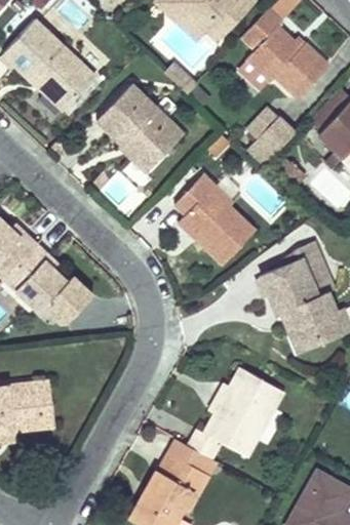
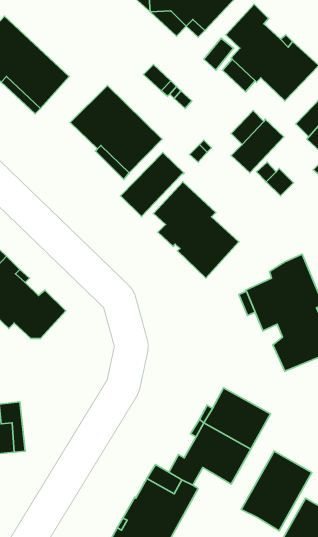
building: none -> [120,152,184,217]
building: none -> [241,451,312,531]

